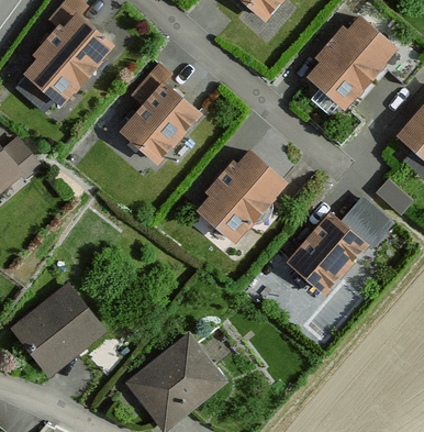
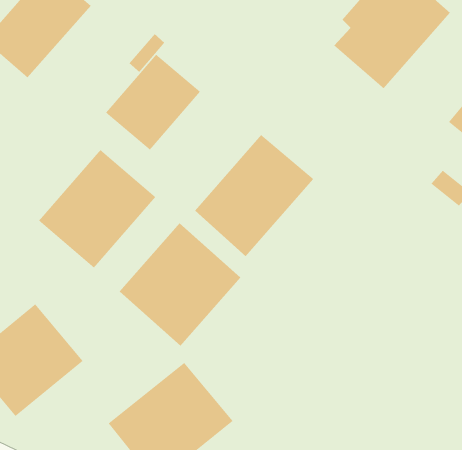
building: none -> [38,149,156,269]
building: [289,202,388,293] -> none
building: none -> [119,222,241,347]

